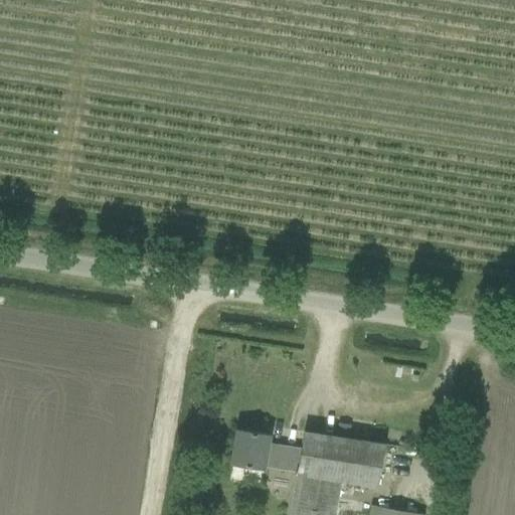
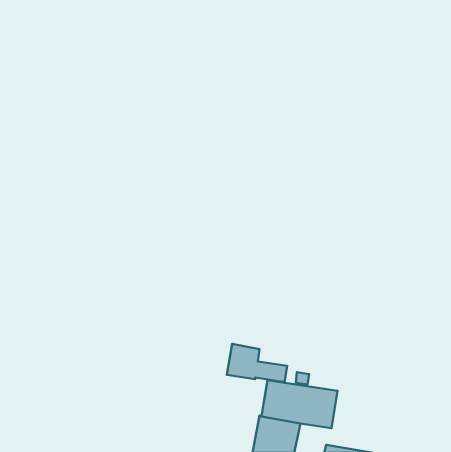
building: [233,430,302,474] -> [227,344,287,383]

